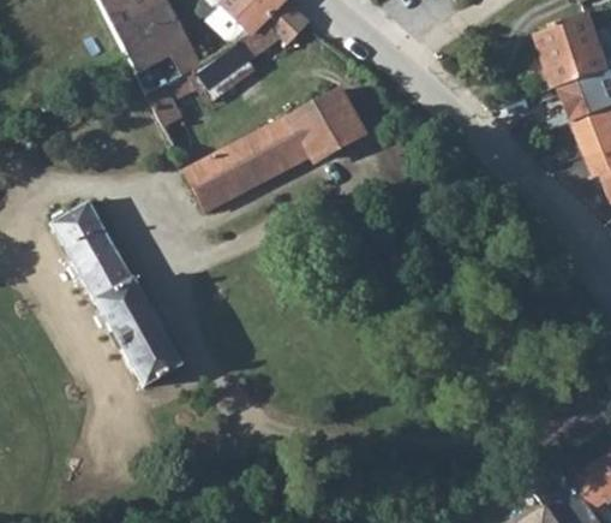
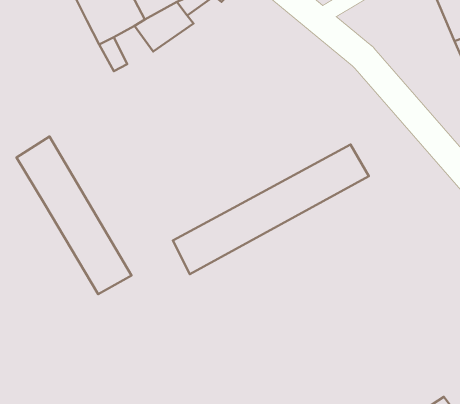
building: [186,88,365,210] -> none
building: none -> [173,145,369,274]

